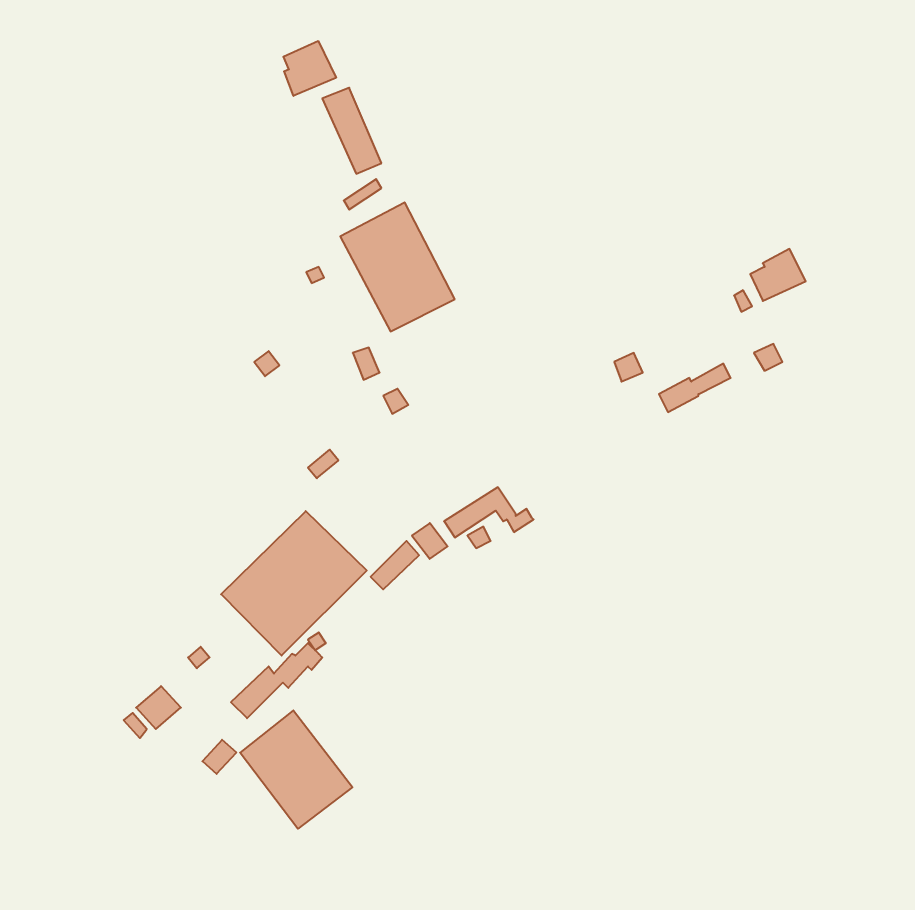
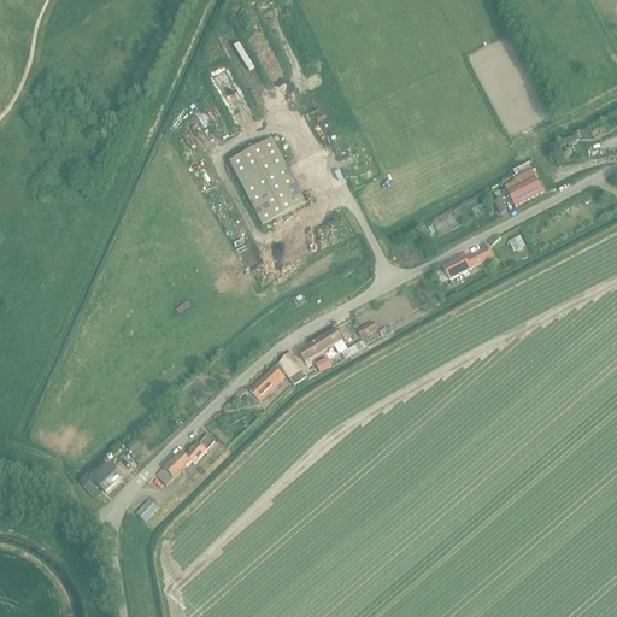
building: [283,41,336,96] -> none
building: [221,511,367,656] -> none
building: [240,710,352,829] -> none

